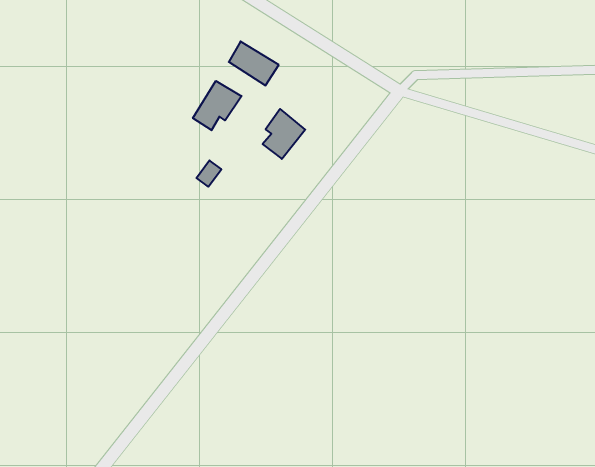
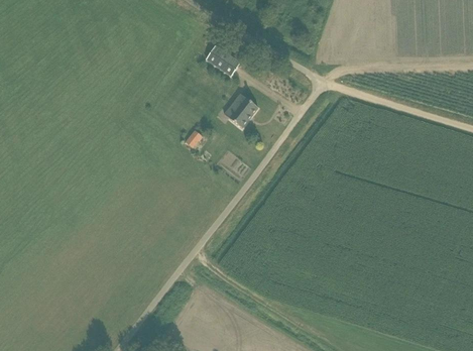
building: [193,81,242,130] -> none

